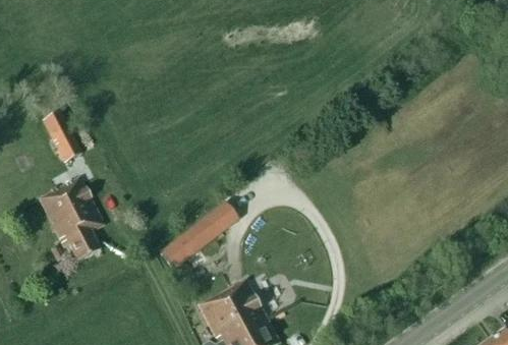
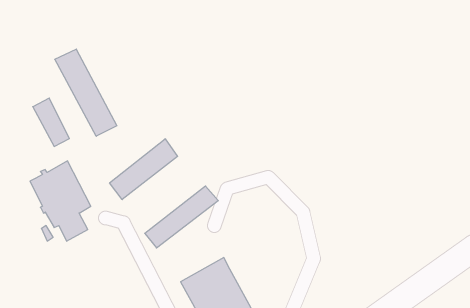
building: none -> [55,49,117,136]
building: none -> [110,139,178,200]

